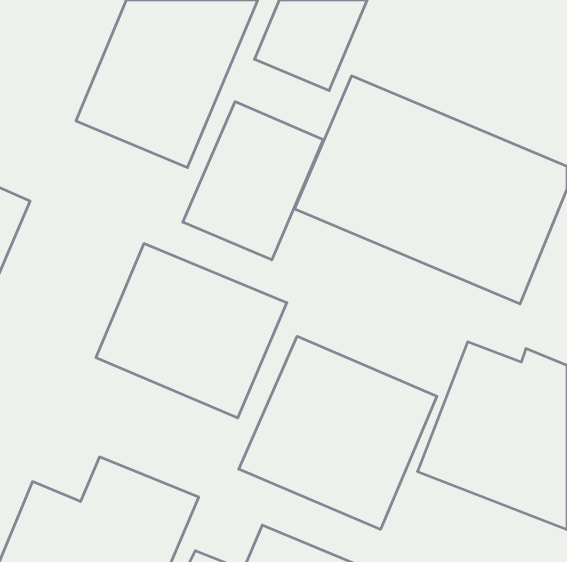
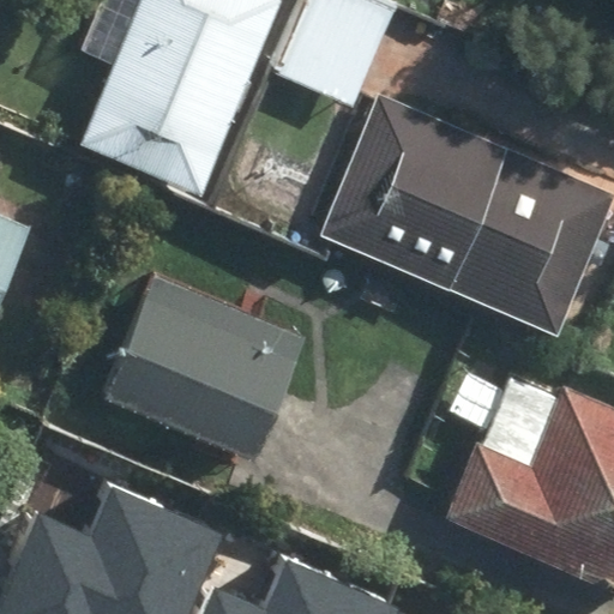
building: [183,102,323,260] -> none
building: [239,336,437,529] -> none

